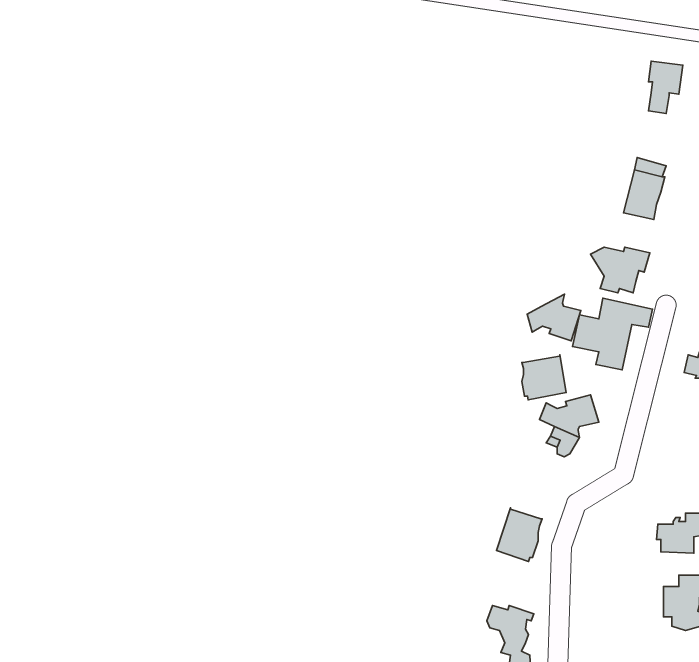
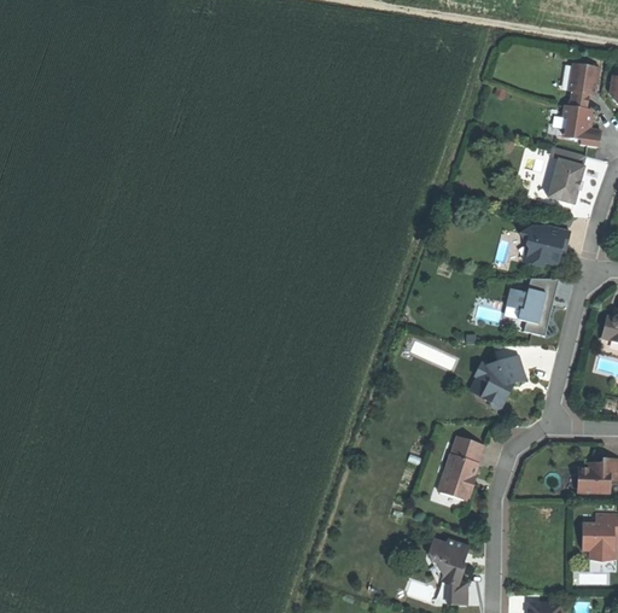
building: none -> [561,105,600,146]
building: [527,294,581,341] -> none
building: [522,355,566,400] -> none
building: none -> [449,437,482,463]

